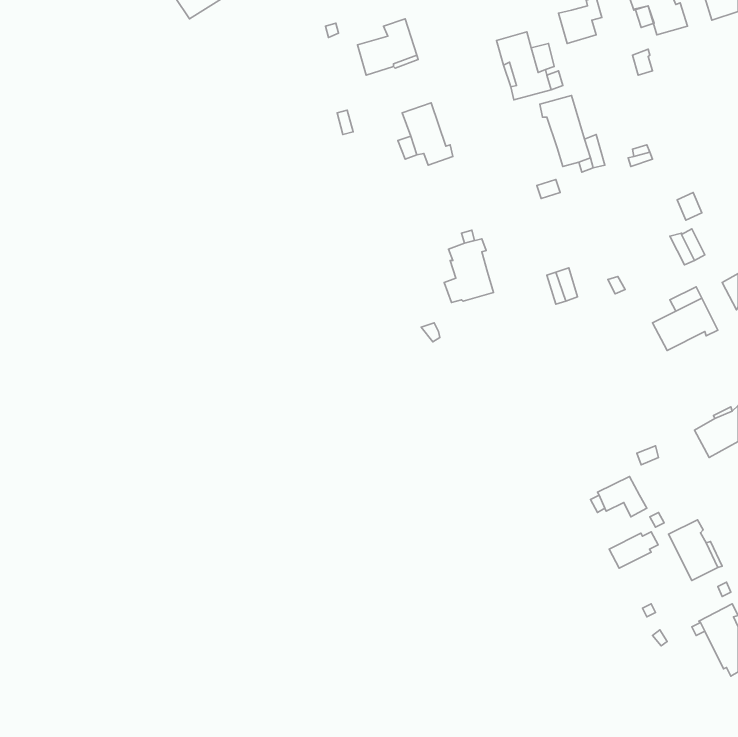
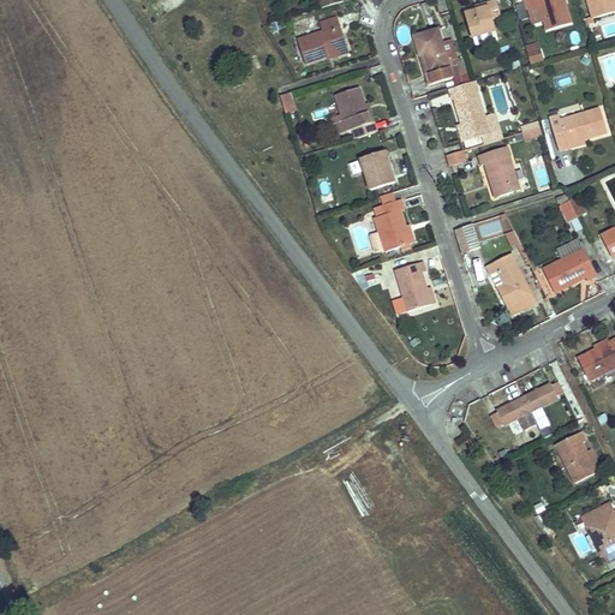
building: none -> [549,107,607,149]
building: none -> [477,147,519,196]
building: none -> [350,149,394,189]
building: none -> [485,252,536,315]
building: none -> [395,261,431,310]
building: [609,532,658,568] -> [523,381,563,411]

